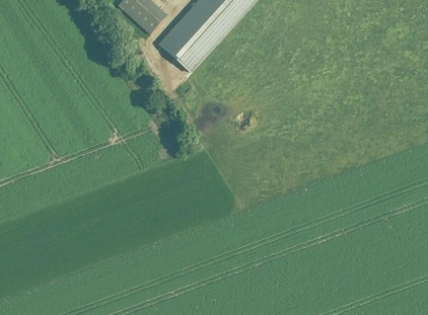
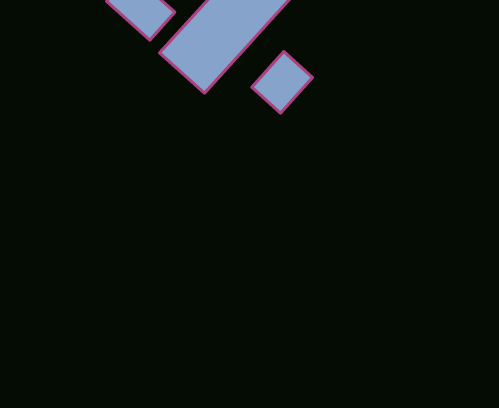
building: none -> [252,52,313,113]

